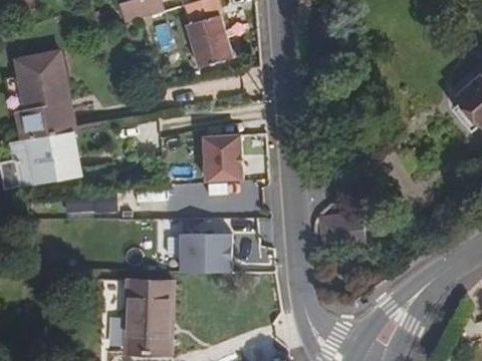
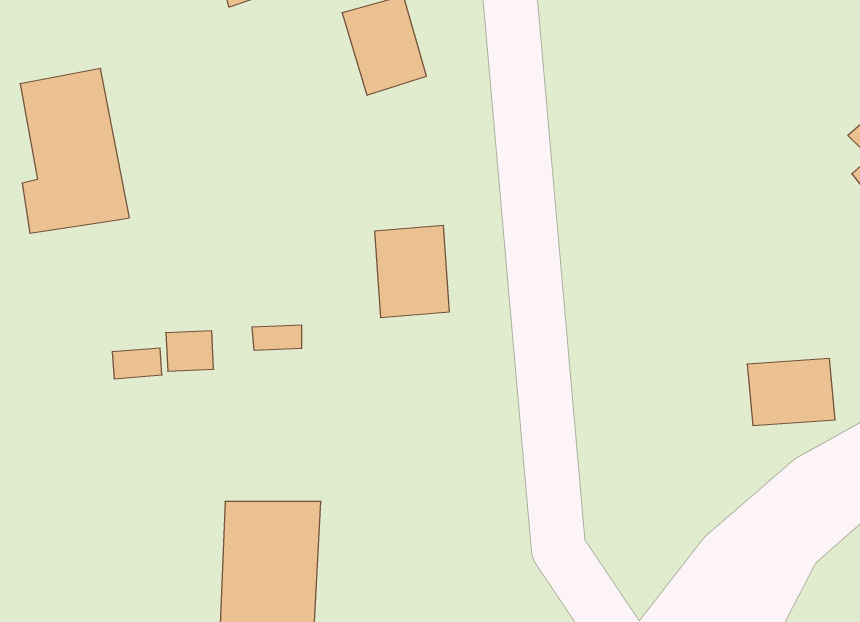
building: [12,131,76,184] -> none
building: [321,214,368,249] -> [747,359,835,426]
building: [183,233,233,271] -> none

